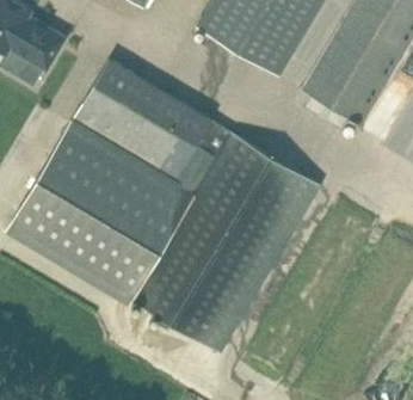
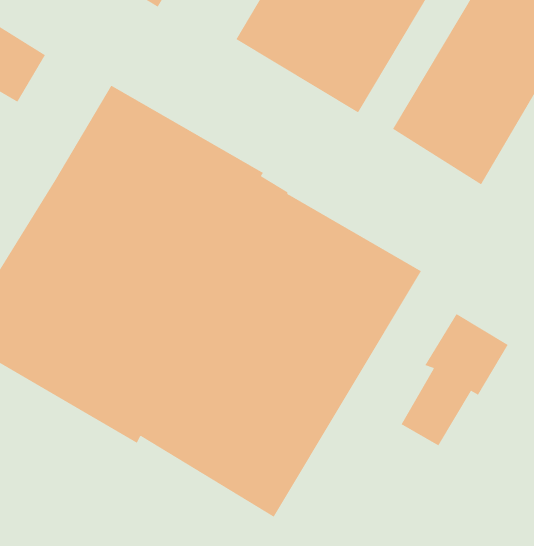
building: none -> [401,313,509,446]

